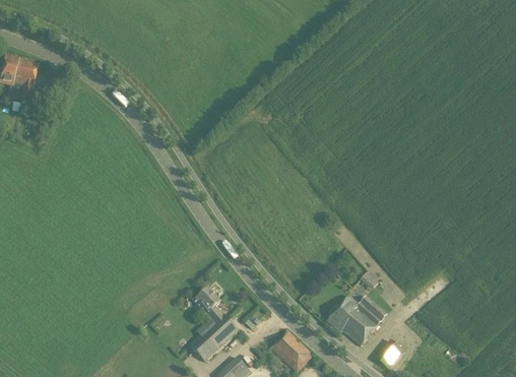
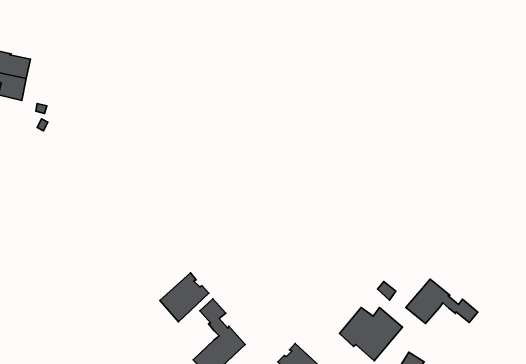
building: none -> [160,273,209,322]
building: none -> [406,279,478,324]

